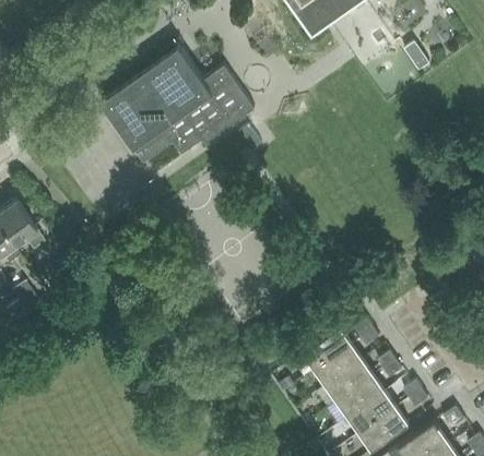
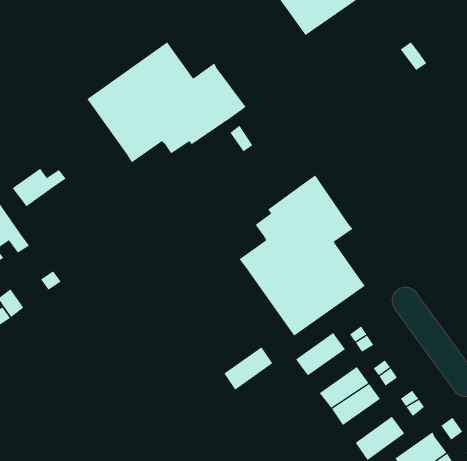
building: none -> [12,168,66,207]
building: none -> [239,175,365,337]
building: [312,341,361,384] -> [223,346,273,390]
building: [346,389,394,432] -> none

